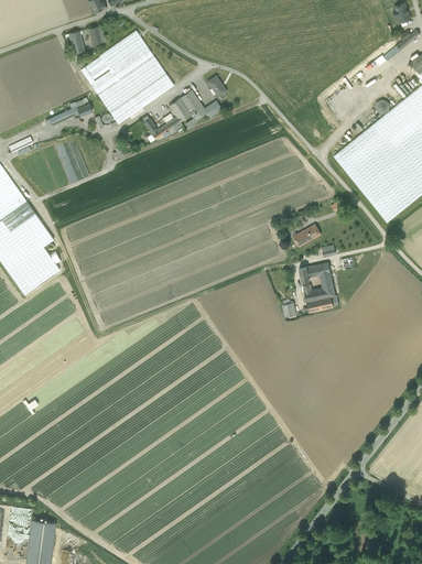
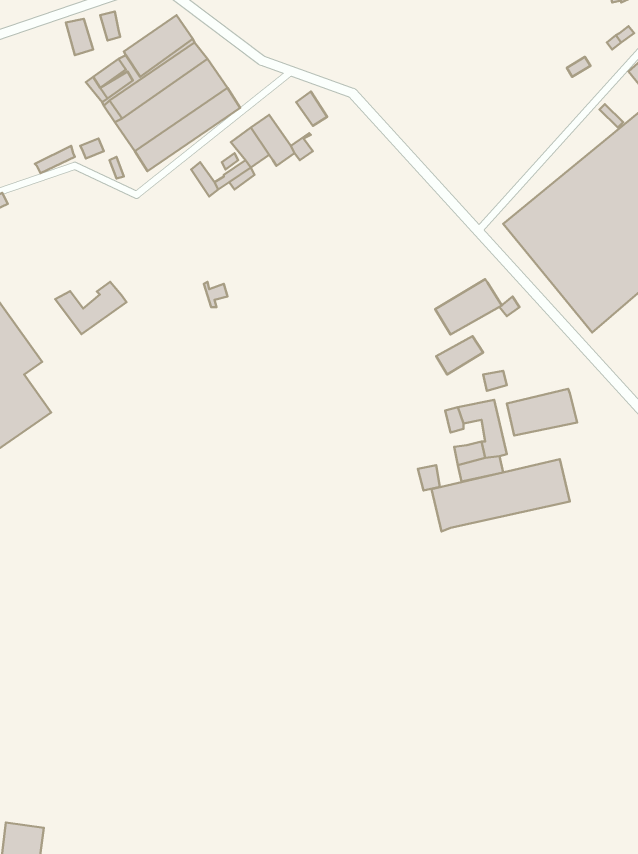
building: none -> [435,279,502,335]
building: none -> [55,282,126,334]
building: none -> [507,389,577,436]
building: none -> [432,459,570,531]

